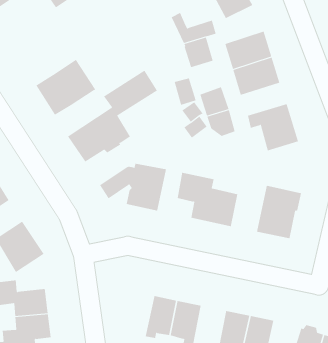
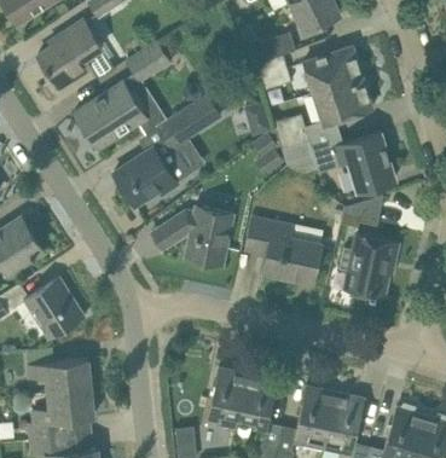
building: none -> [36,21,102,88]
building: none -> [127,42,169,82]
building: none -> [340,195,383,227]

